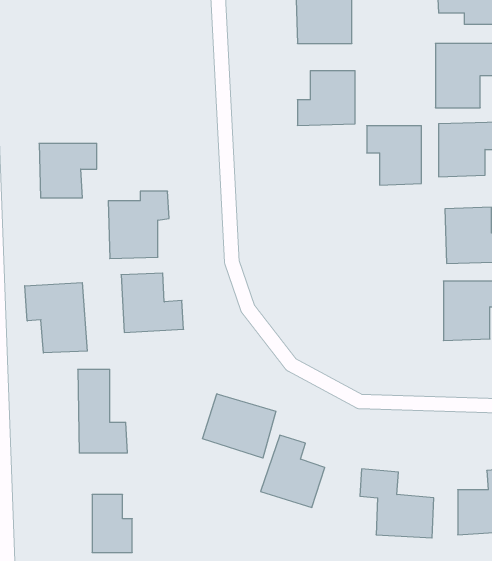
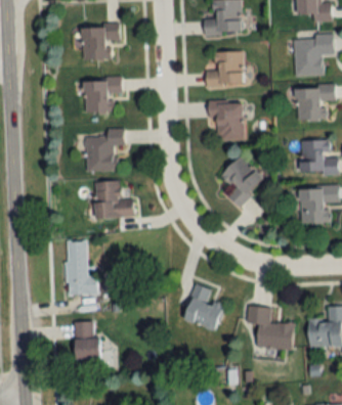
building: none -> [81,24,119,59]
building: [367,126,421,185] -> [208,102,243,140]
building: [39,143,97,198] -> [84,78,121,112]
building: none -> [219,155,265,208]
building: [25,283,87,353] -> none
building: [203,394,276,458] -> none

